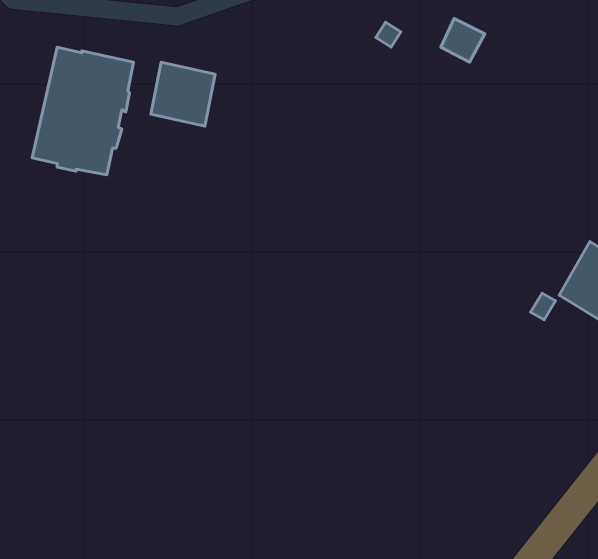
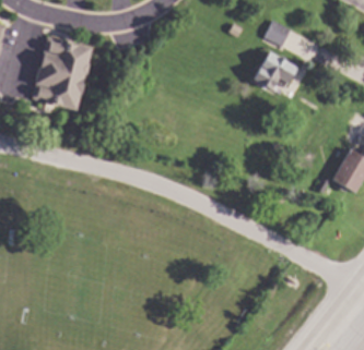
building: [151,62,215,126] -> none
building: none -> [254,51,297,89]

